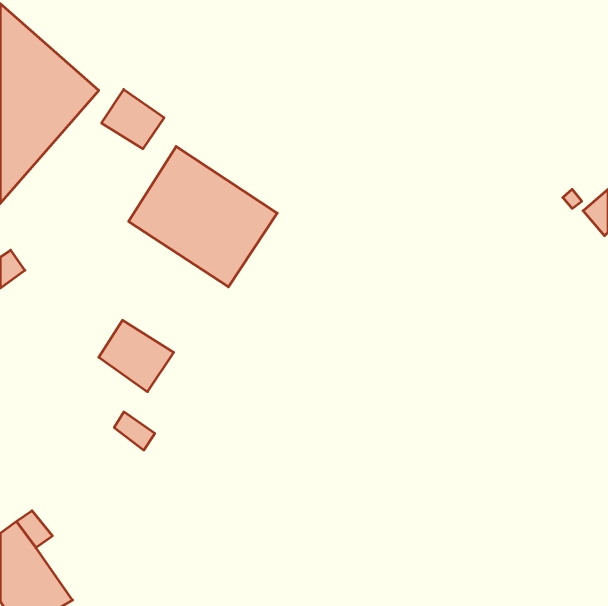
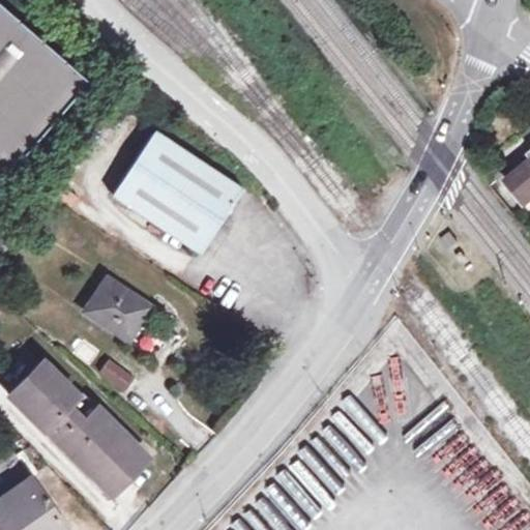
building: [102,89,164,149] -> none
building: none -> [7,361,149,495]

